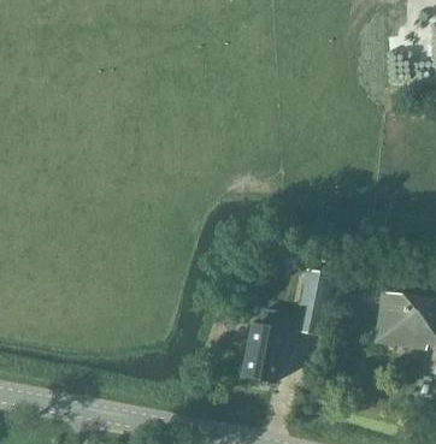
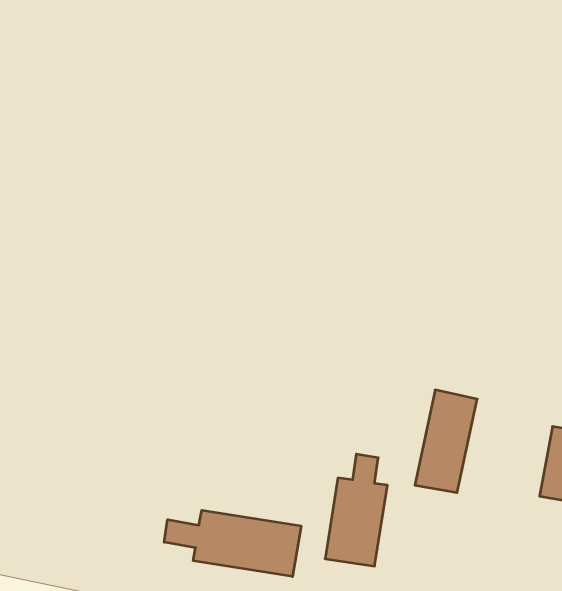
building: none -> [164,510,301,577]

